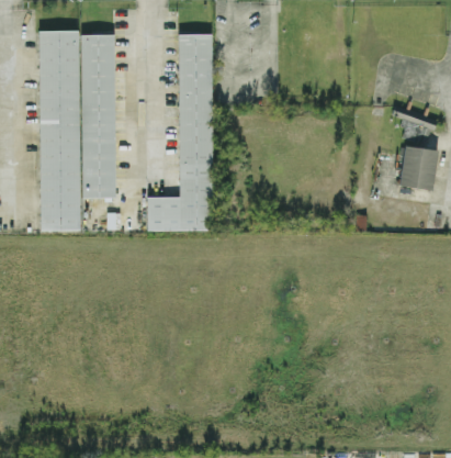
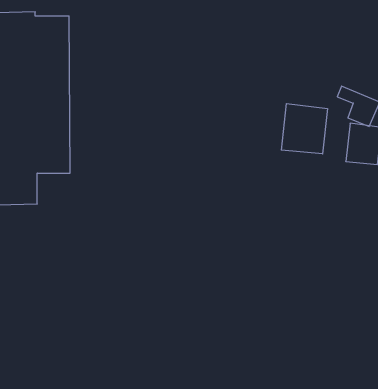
building: [147,33,212,230] -> none
building: none -> [281,104,327,154]

